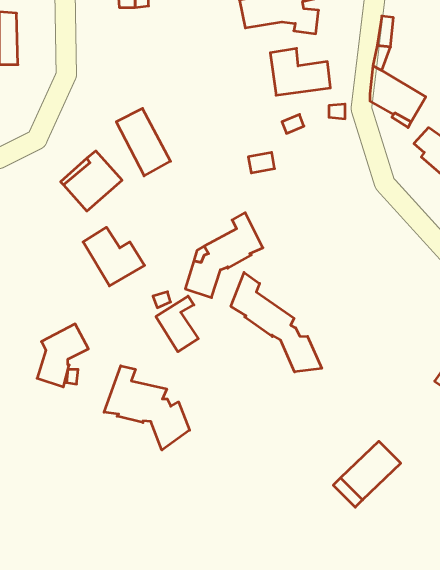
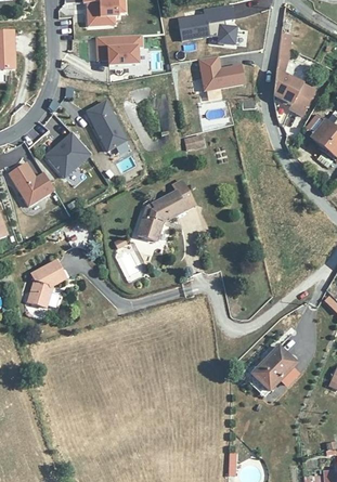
building: none -> [98,32,143,64]
building: [83,227,145,286] -> [9,161,54,205]
building: [231,272,322,372] -> none
building: [104,366,190,450] -> none

